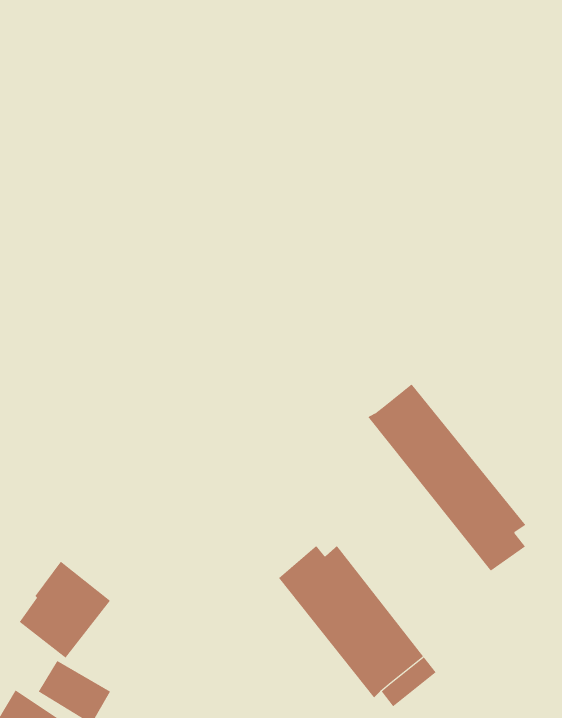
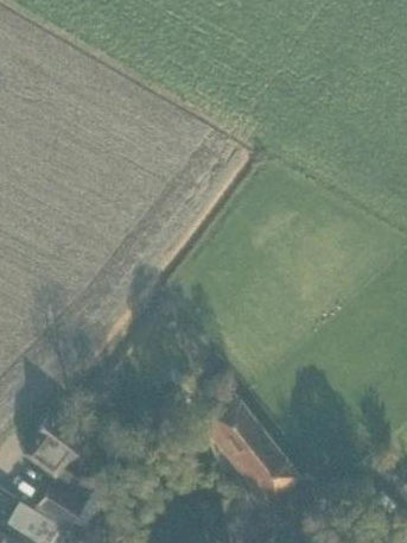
building: [367,384,526,571] -> none

